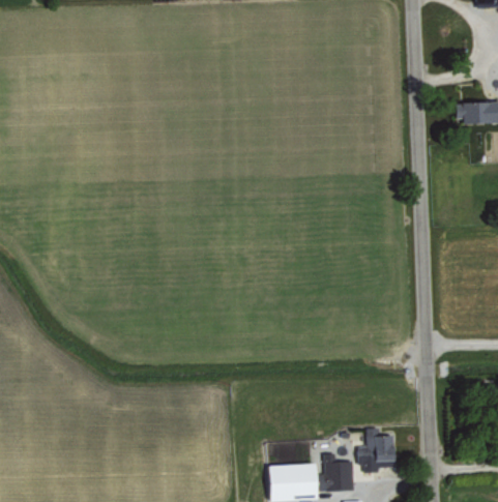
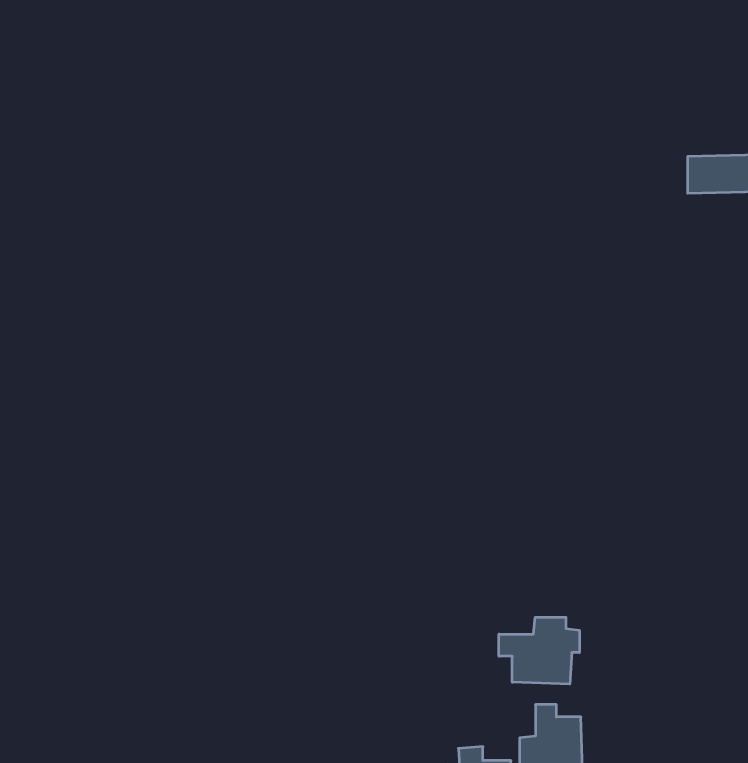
building: none -> [499,617,579,684]

